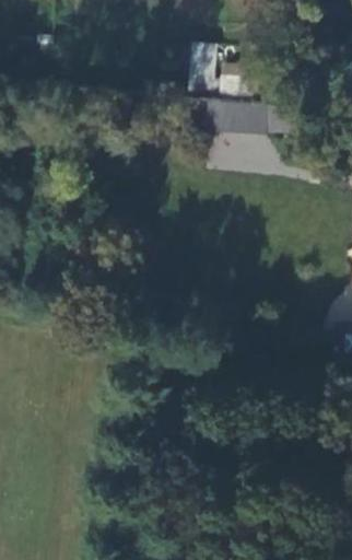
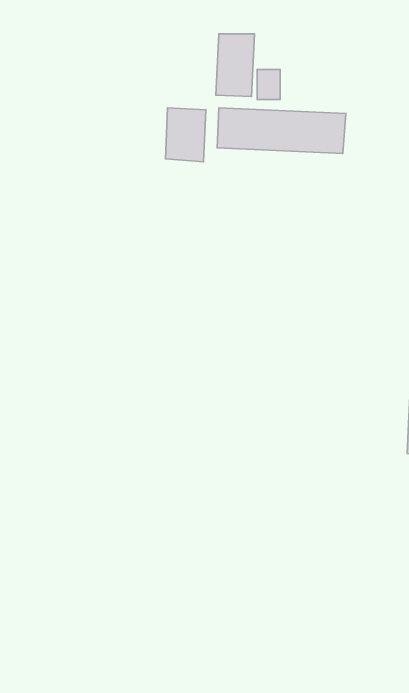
building: none -> [165,108,206,162]

